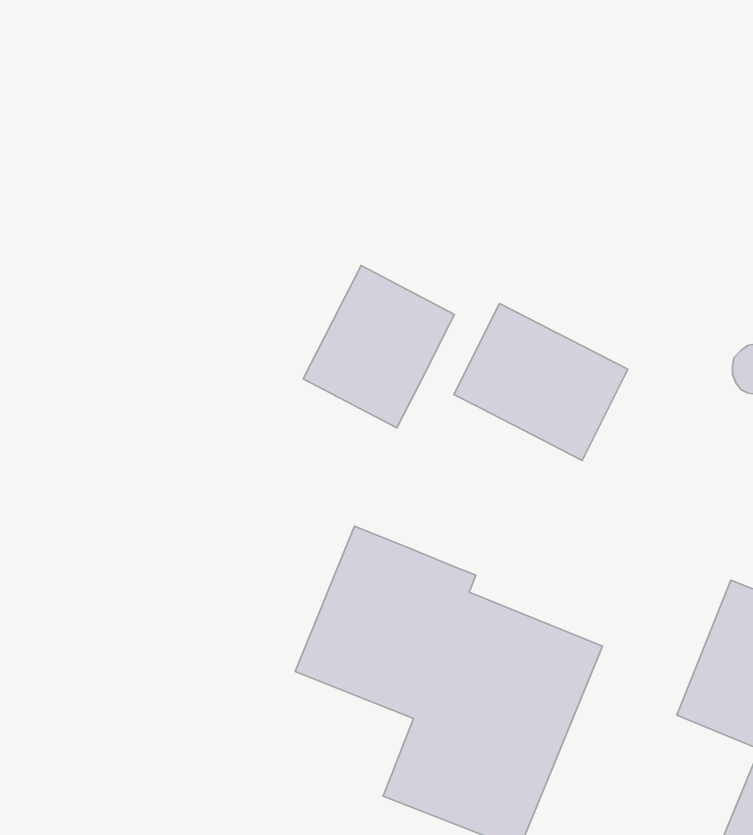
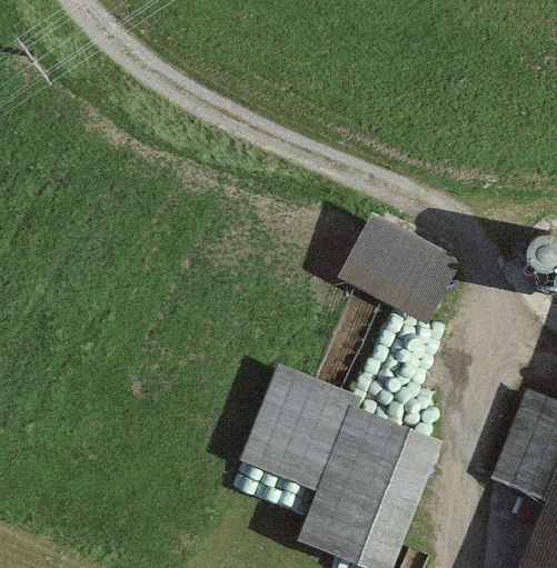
building: [303,266,455,428] -> none

